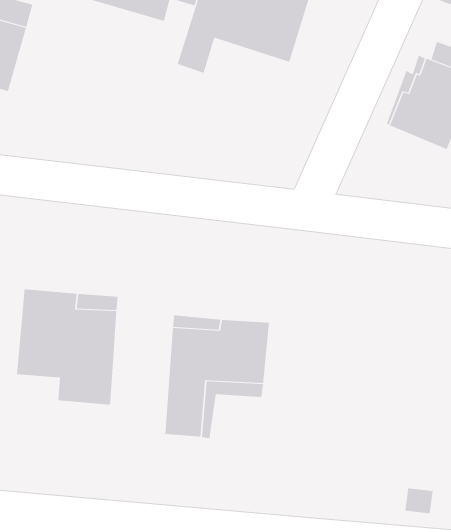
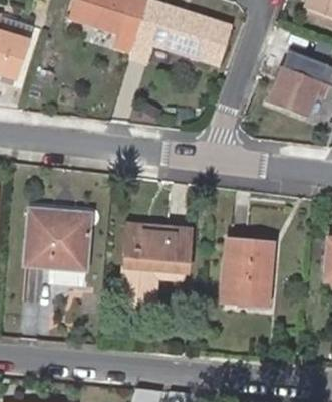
building: none -> [227,240,273,303]

